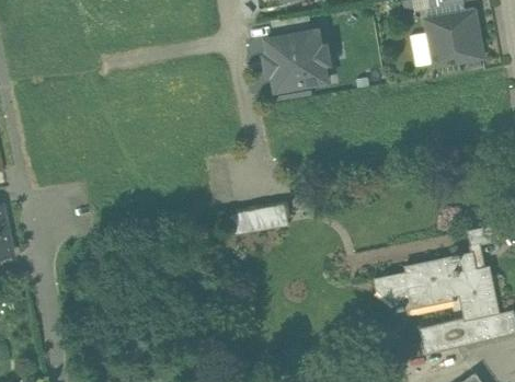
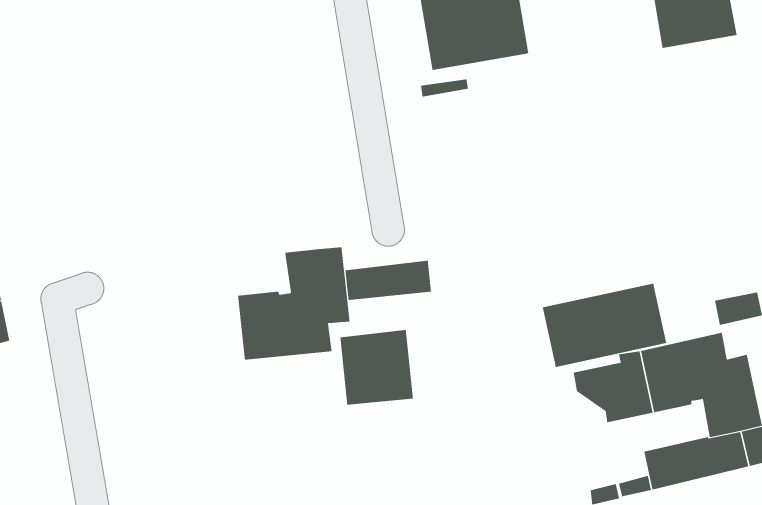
building: none -> [237,246,350,361]
building: none -> [542,283,667,368]
building: none -> [340,329,414,405]

